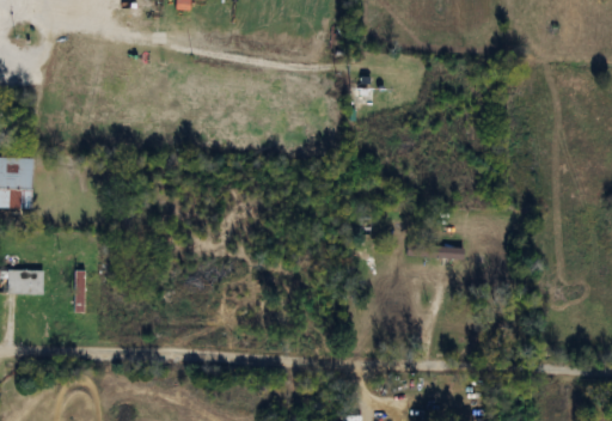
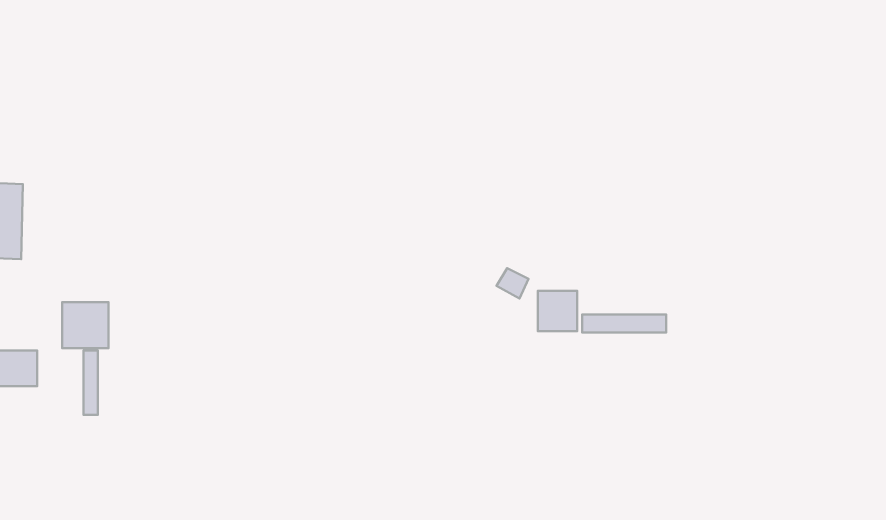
building: none -> [538,291,577,331]
building: none -> [62,302,109,348]

